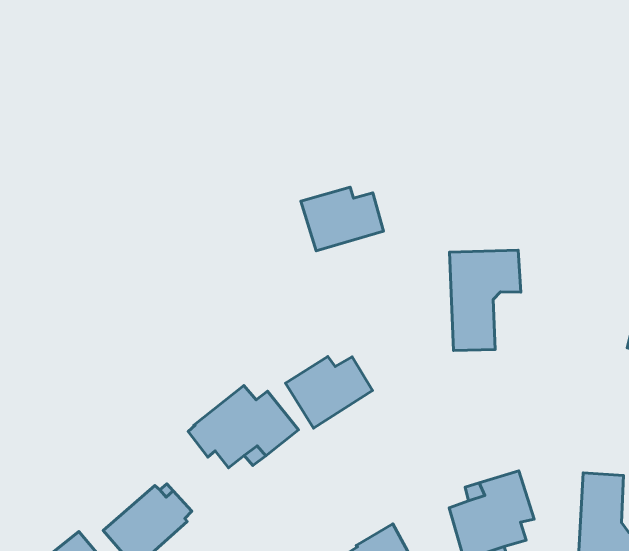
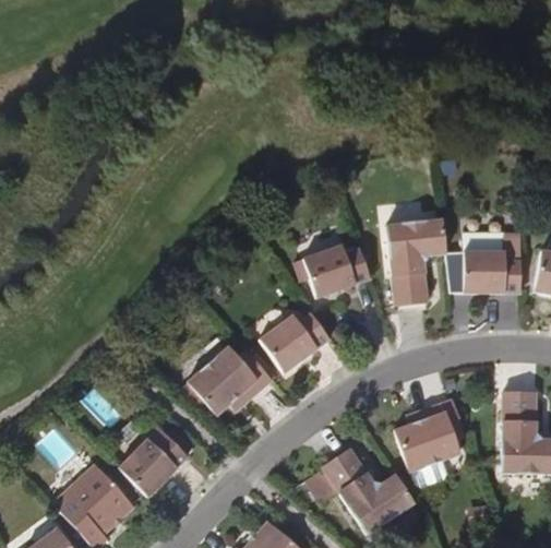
building: [301,187,383,251] -> [300,243,369,297]
building: none -> [462,238,519,293]

